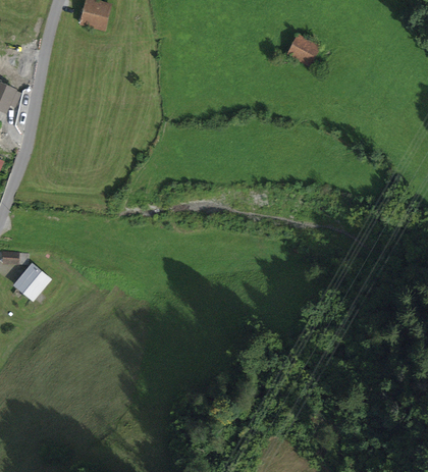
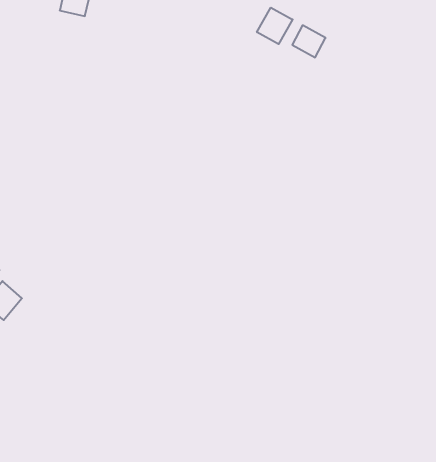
building: none -> [257,8,293,44]

